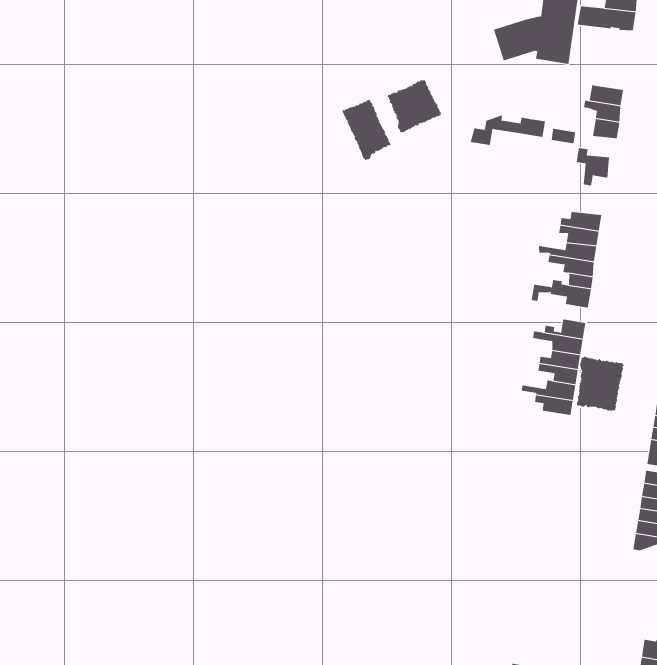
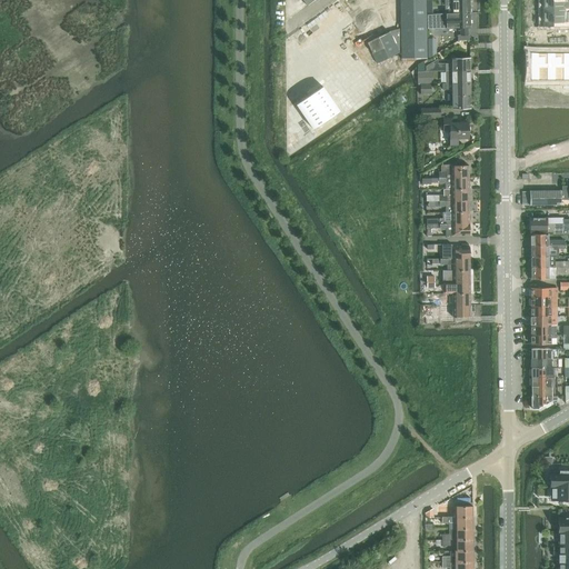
building: [342,99,391,161] -> none
building: [470,114,546,146] -> [418,58,471,82]
building: [576,356,624,412] -> none

